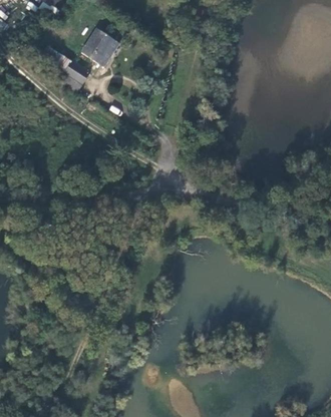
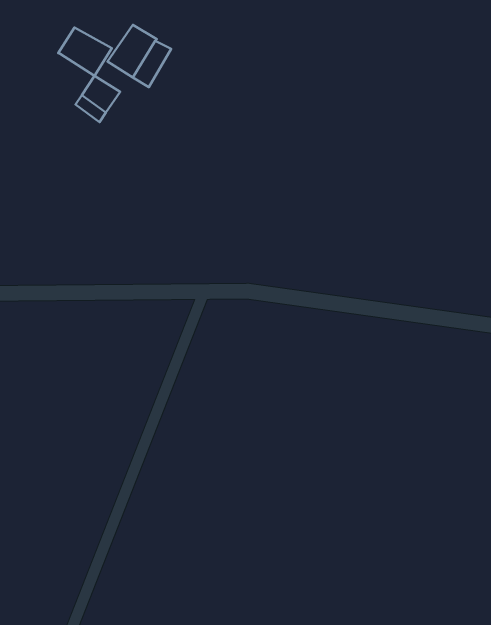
building: none -> [58,28,112,76]

